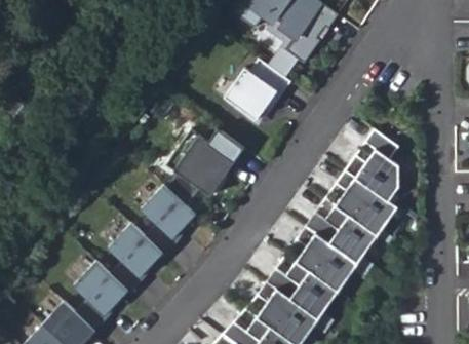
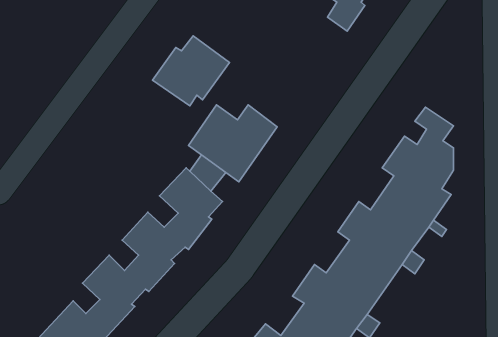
building: [226,58,294,119] -> [152,36,229,106]

